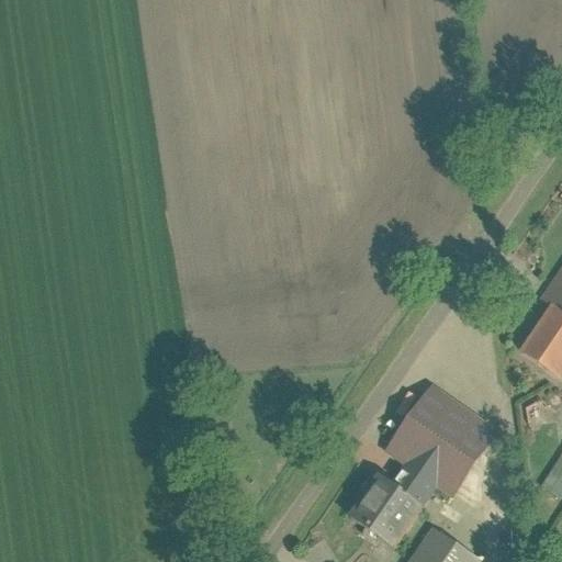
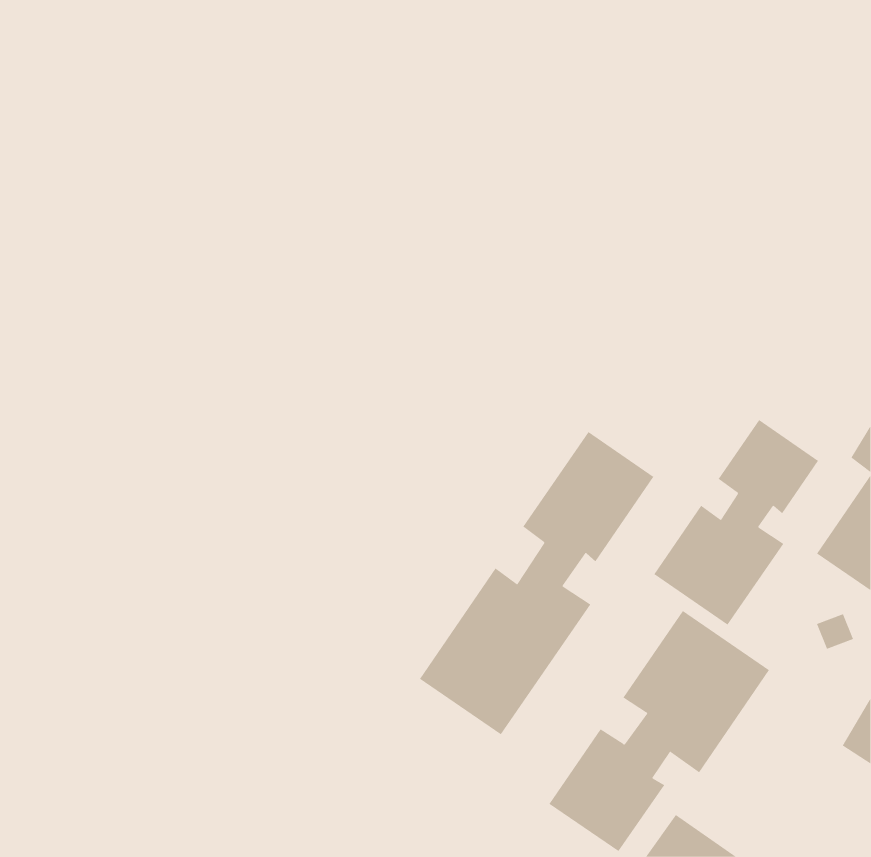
building: none -> [653,419,819,626]
building: none -> [419,431,654,735]

